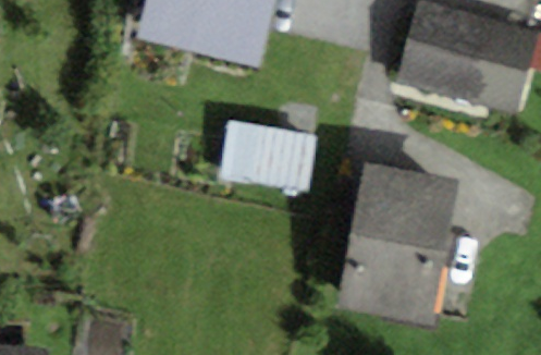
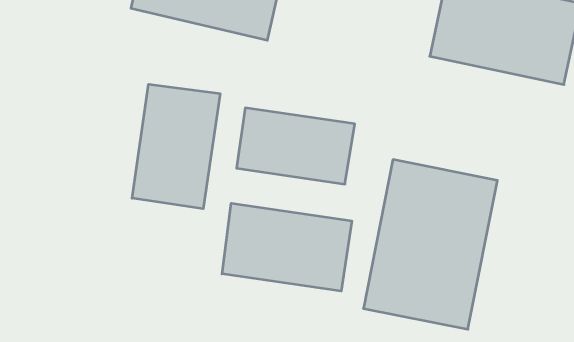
building: none -> [132,84,220,209]
building: none -> [222,203,352,291]

